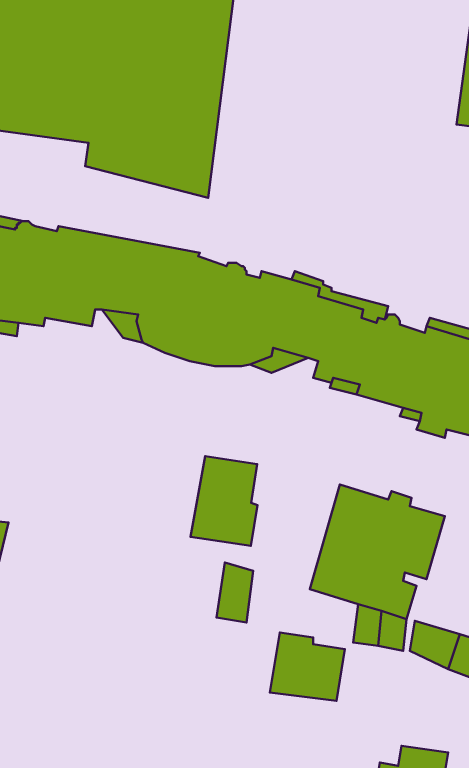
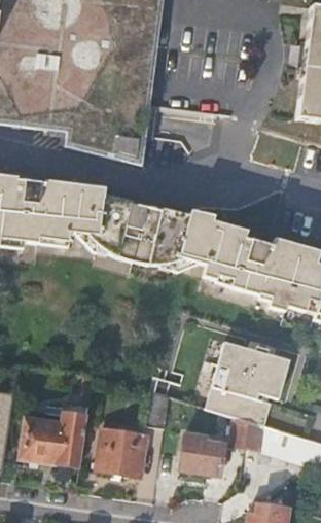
building: [190,456,257,546] -> none
building: none -> [20,413,87,465]
building: none -> [98,428,145,472]

